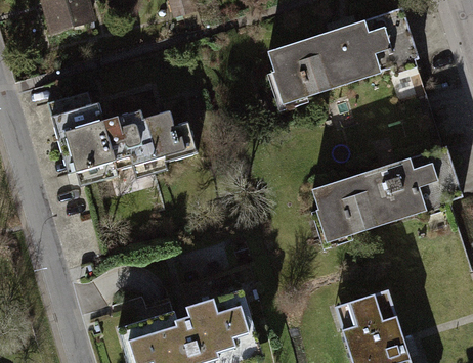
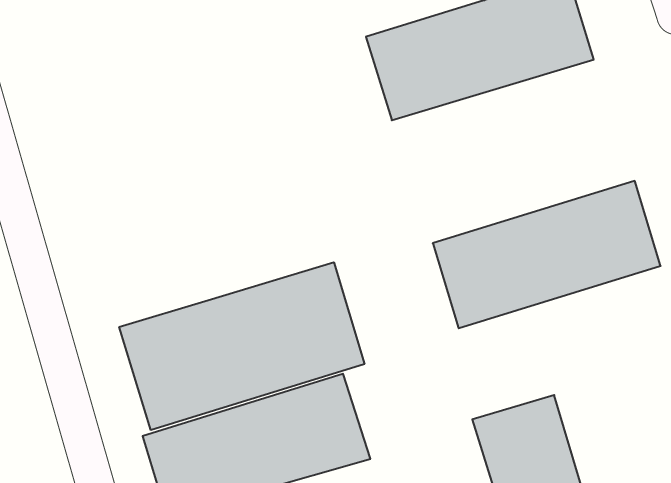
building: [49,98,200,191] -> none
building: none -> [119,262,364,430]

